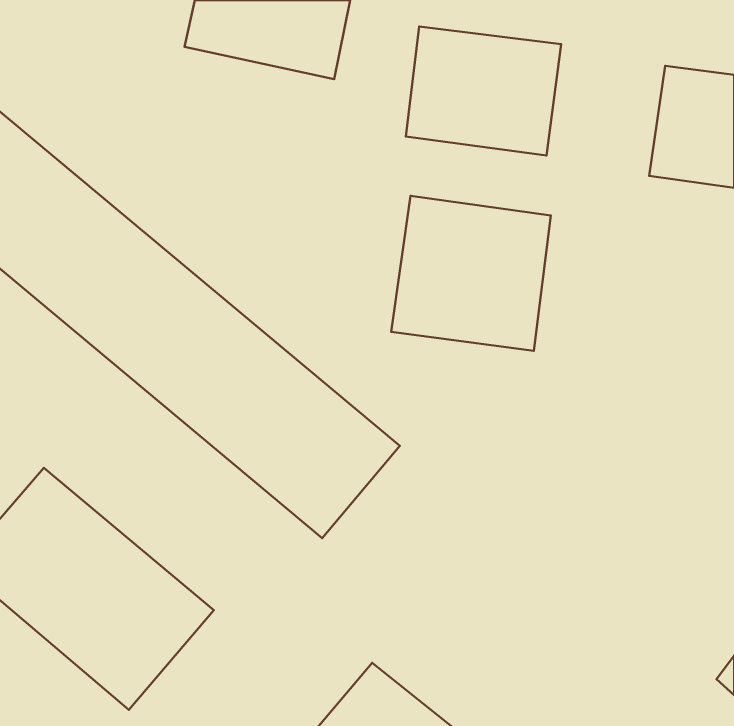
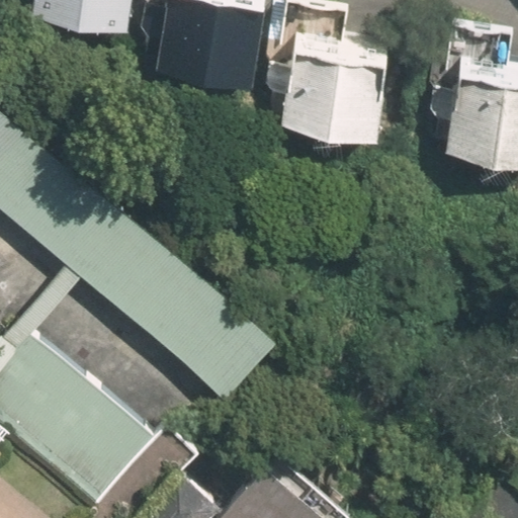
building: [391,196,551,351] -> none

